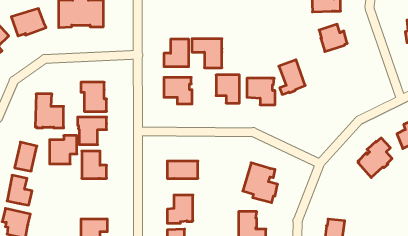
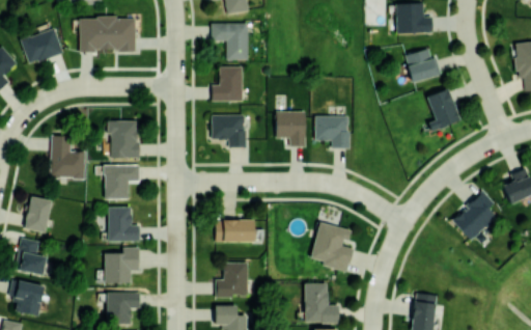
building: [192,39,222,68] -> [212,24,249,60]
building: [279,60,305,94] -> [426,88,459,132]
building: [50,136,77,164] -> [106,248,140,283]

